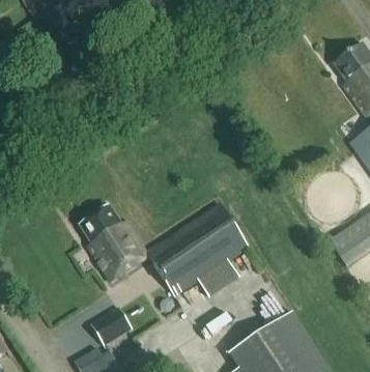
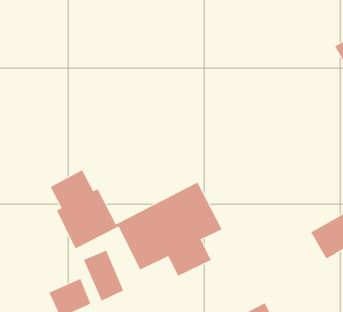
building: none -> [83,250,124,301]

